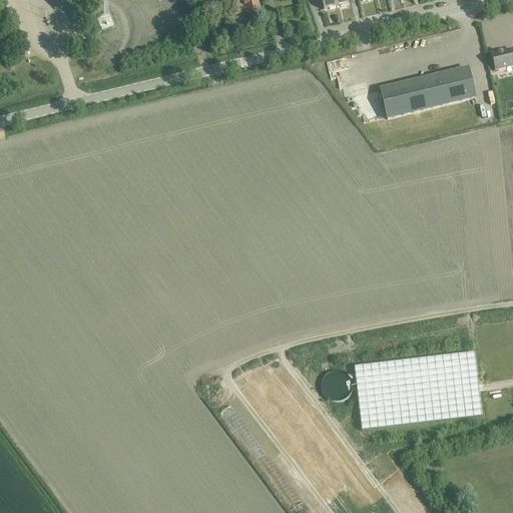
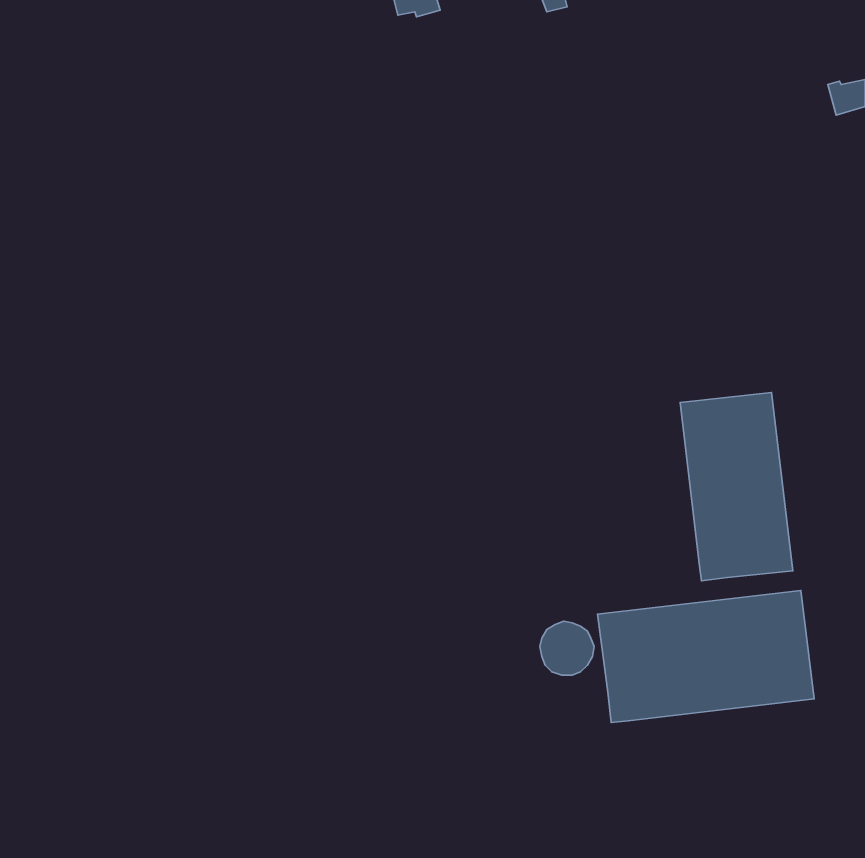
building: [380,66,475,116] -> none
building: none -> [680,392,793,581]

